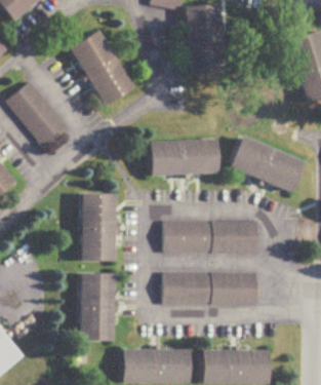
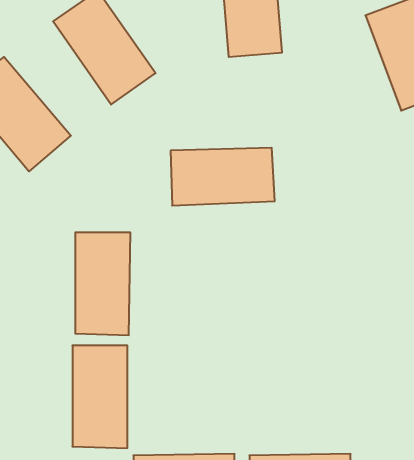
building: [225,136,305,200] -> none
building: [163,219,259,253] -> none
building: [162,270,258,304] -> none

